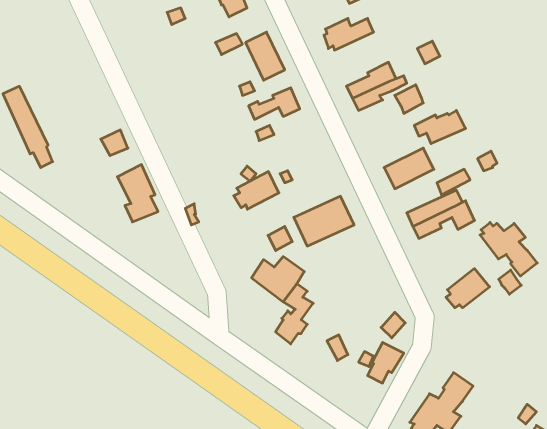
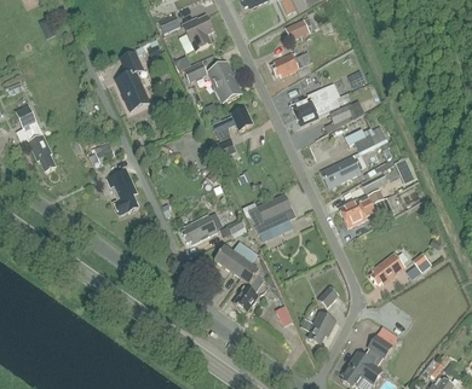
building: none -> [116,51,150,111]
building: [234,172,279,209] -> [182,214,218,244]
building: [480,222,537,276] -> none

